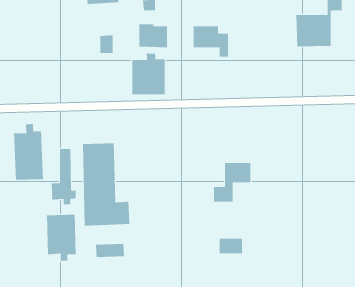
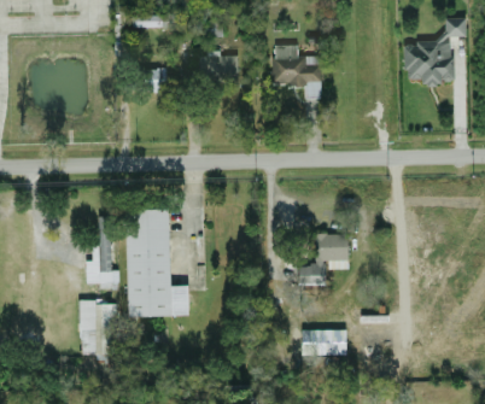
building: [132,53,165,95] -> none
building: [14,123,44,181] -> none
building: [96,243,124,258] -> none

